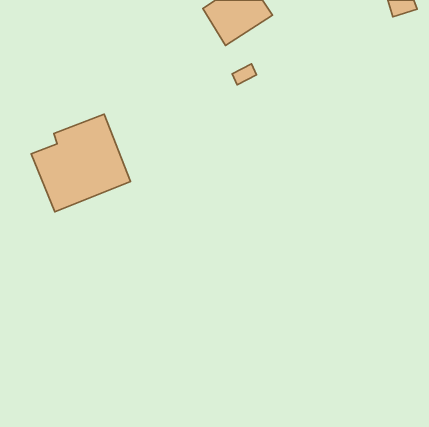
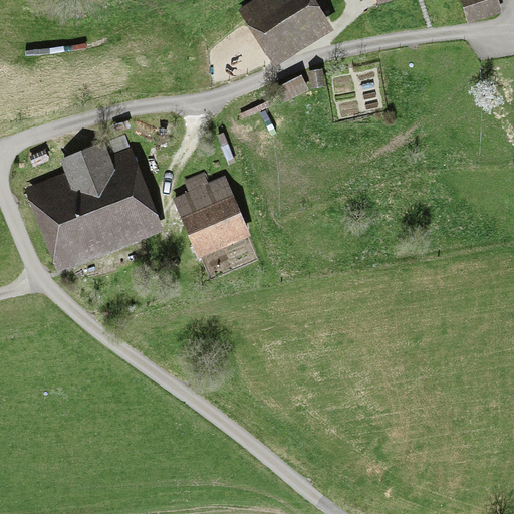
building: none -> [177,178,247,255]

